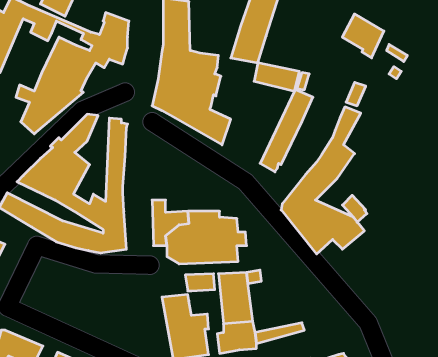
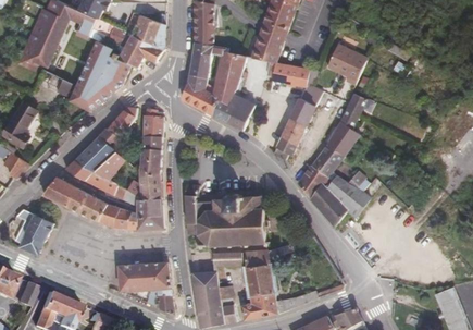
building: [342,14,384,58] -> [328,45,365,84]
building: none -> [119,260,171,311]

